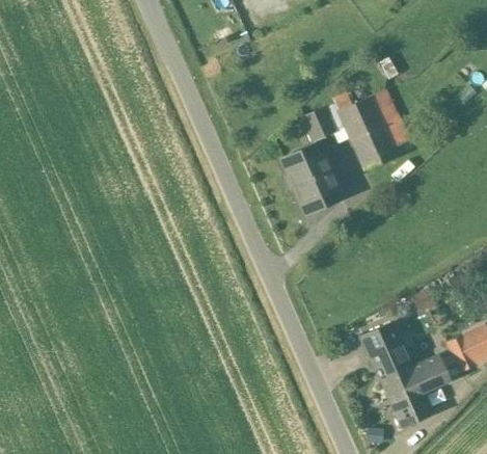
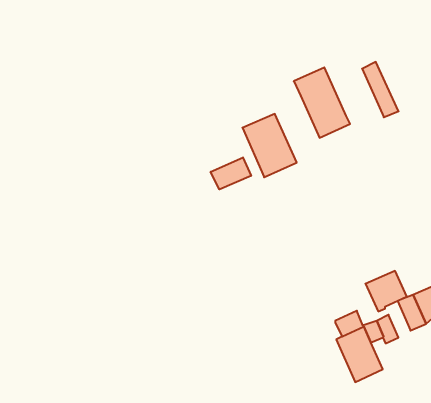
building: [370,87,408,145] -> [362,62,399,117]
building: [303,102,345,138] -> none
building: none -> [211,157,251,189]
building: [360,323,404,366] -> [365,271,407,311]

